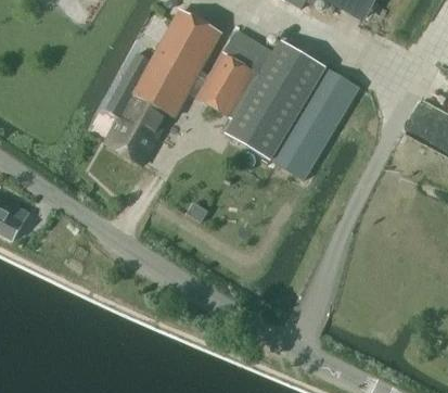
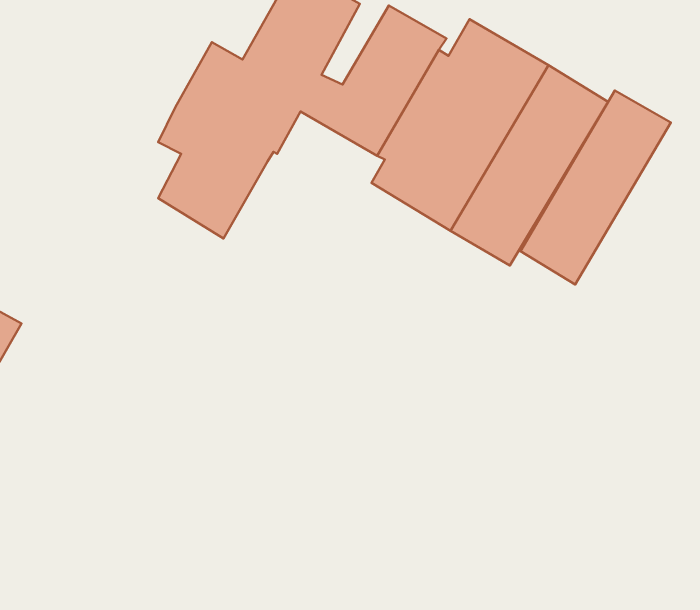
building: none -> [521,90,671,284]

